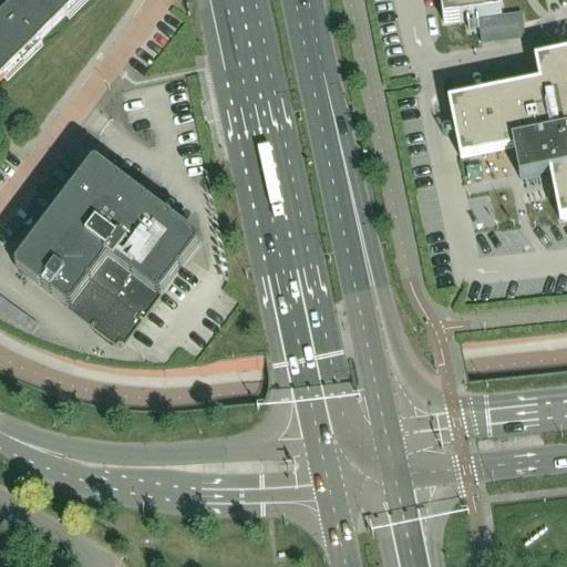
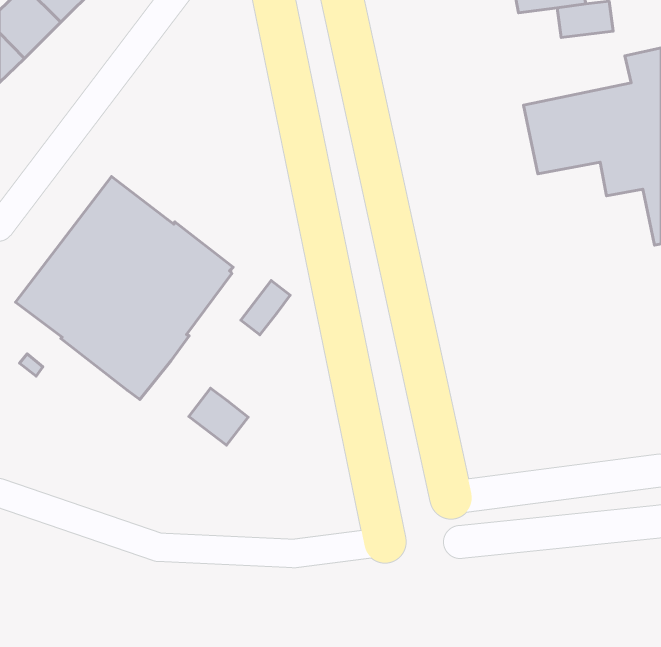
building: none -> [241,280,290,335]
building: none -> [189,388,248,445]

